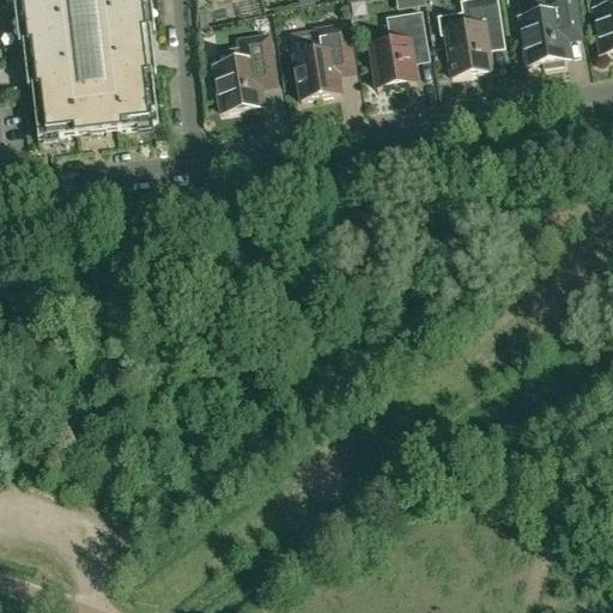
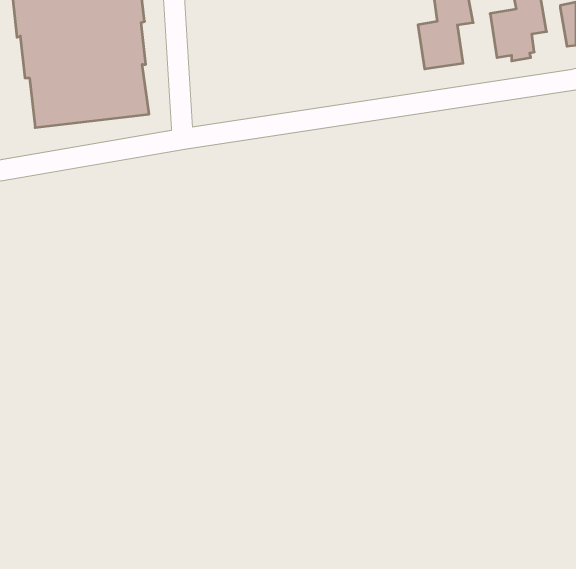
building: [369,7,425,85] -> none
building: [290,20,353,97] -> none
building: [214,31,275,109] -> none

